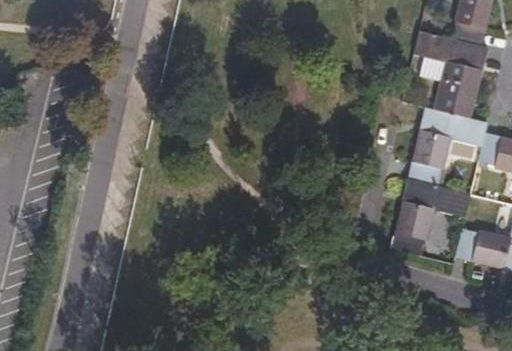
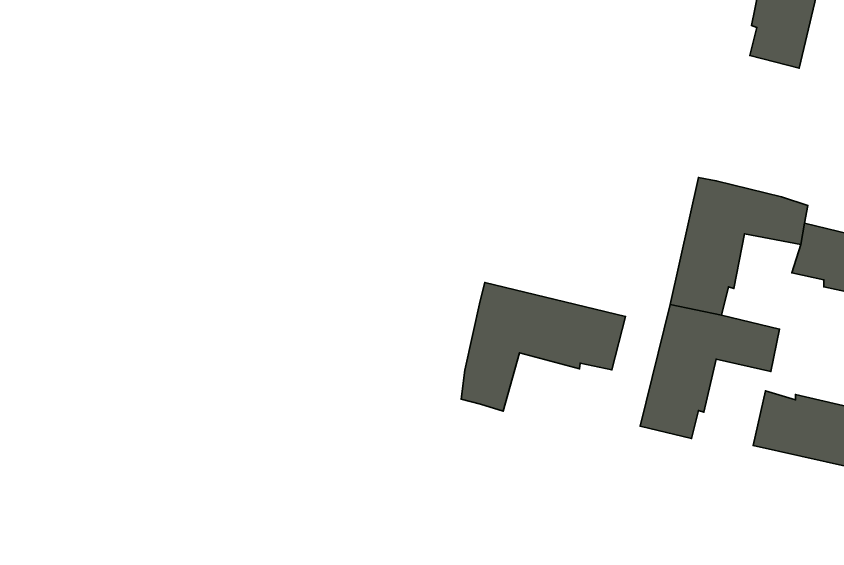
building: [415,30,488,117] -> none
building: none -> [461,282,626,411]

